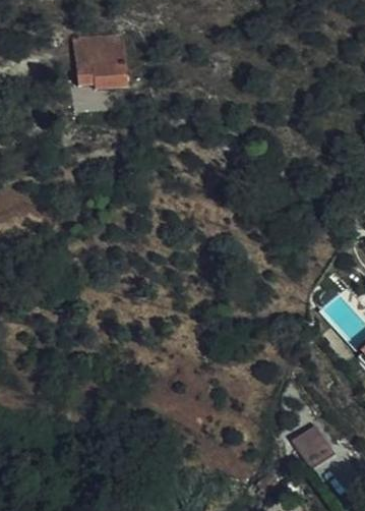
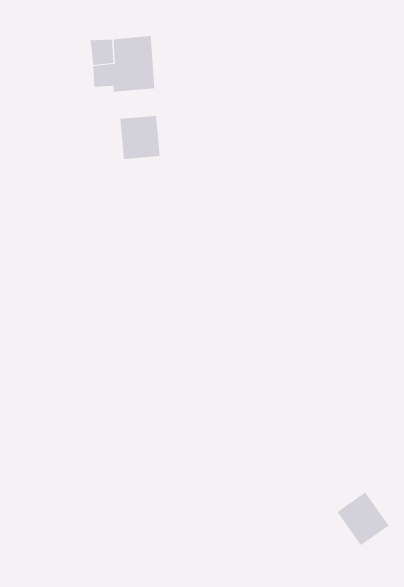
building: none -> [120,115,160,160]

